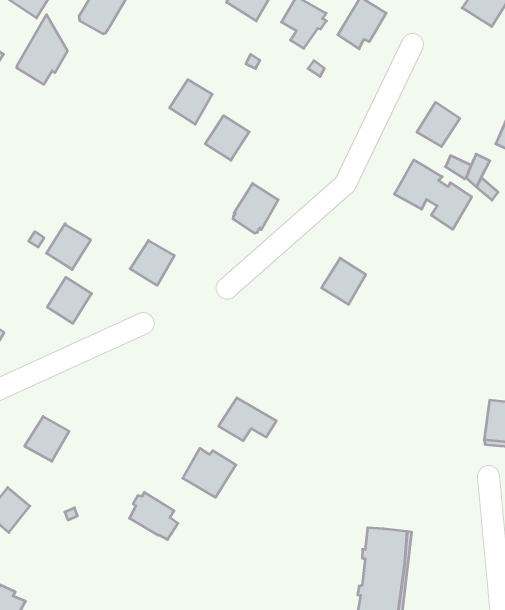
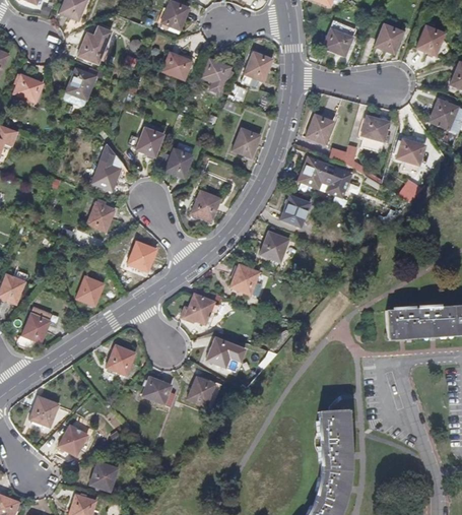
building: [17,15,67,84] -> [92,142,125,190]
building: none -> [233,127,261,157]
building: none -> [280,194,311,227]
building: [46,224,91,270] -> [87,200,116,231]
building: none -> [230,263,260,294]
building: none -> [181,286,223,325]
building: [25,416,69,461] -> [107,344,135,374]
building: [129,492,178,540] -> [142,376,176,405]
building: none -> [89,461,118,490]

